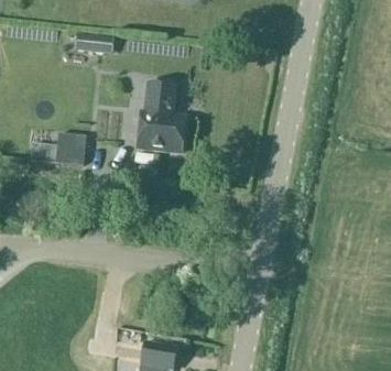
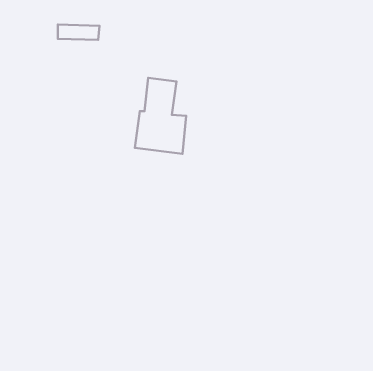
building: [30,137,82,166] -> none

